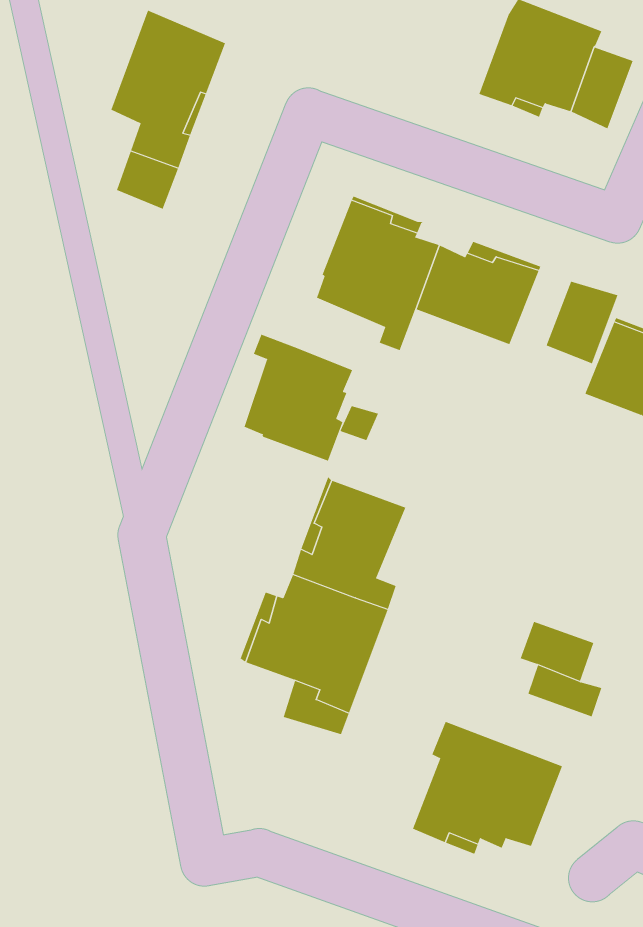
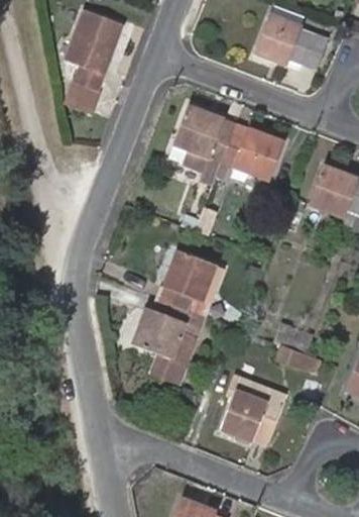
building: [546,281,618,364] -> none
building: [244,334,353,461] -> none

